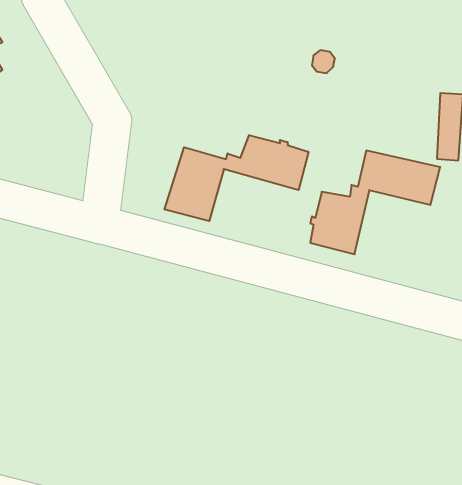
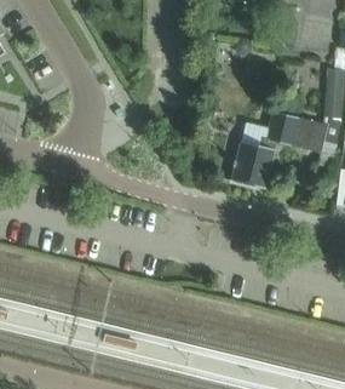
building: [165,135,308,221] -> none

